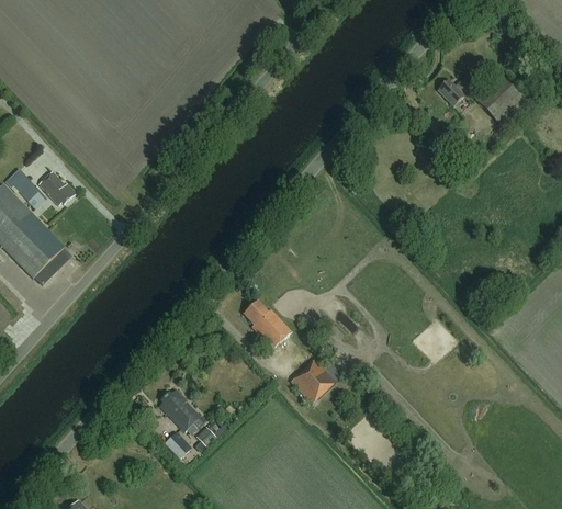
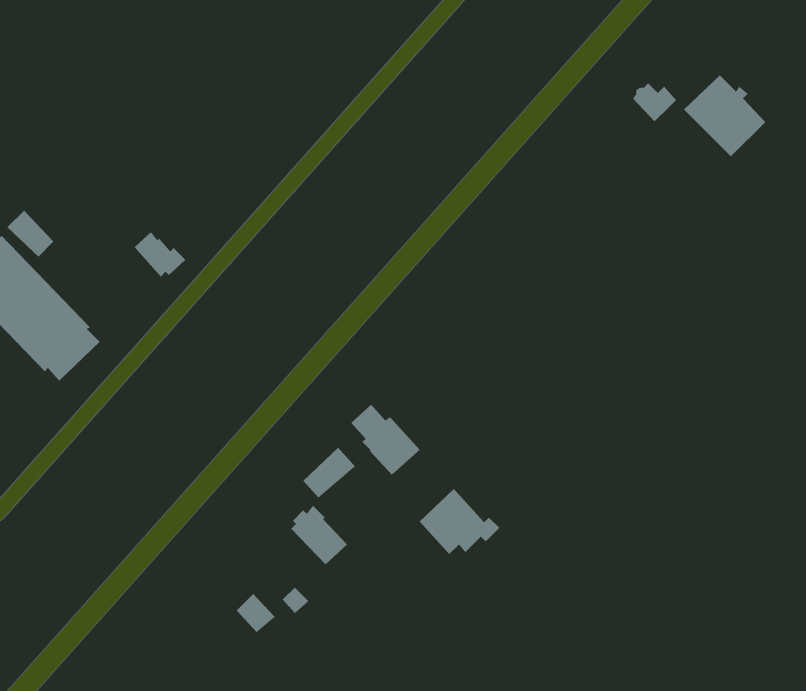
building: [38,172,75,204] -> [134,231,186,277]
building: none -> [302,447,356,498]
building: [159,388,199,430] -> [290,505,348,565]

